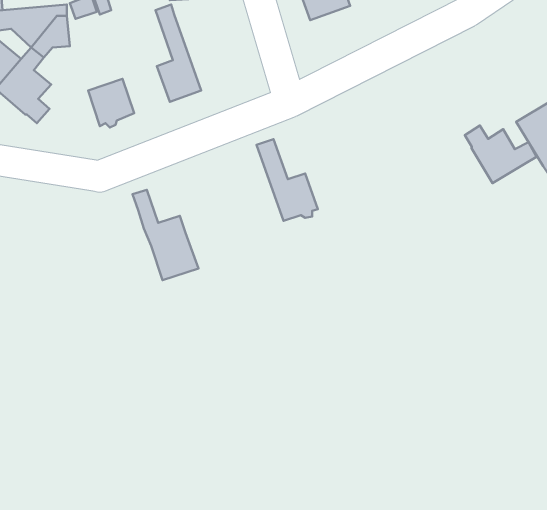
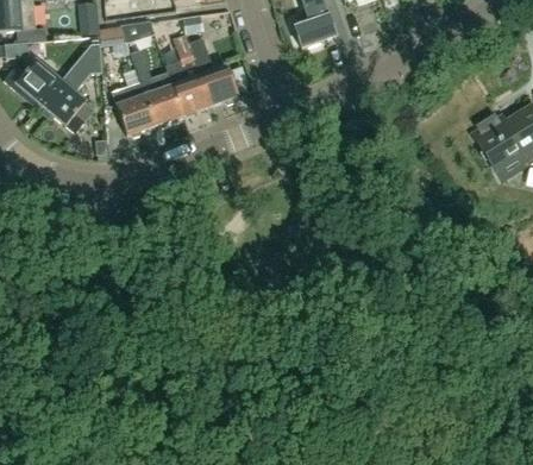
building: [465,125,536,183] -> none
building: [256,139,318,221] -> [188,37,239,105]
building: [133,190,198,280] -> [130,49,184,124]

